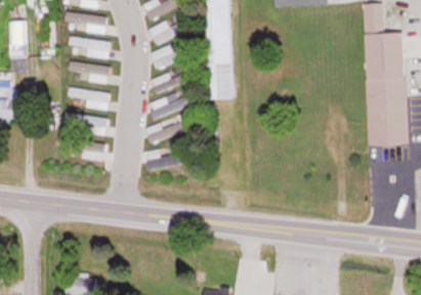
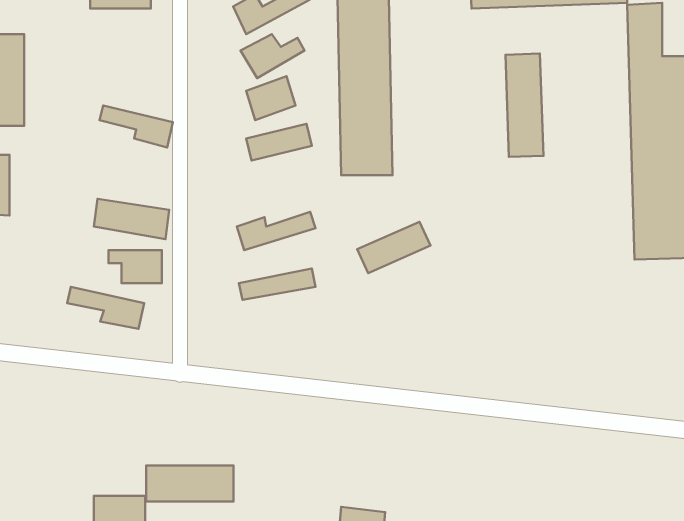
building: [66,12,107,34] -> none
building: none -> [505,54,543,157]
building: [69,37,110,58] -> none
building: [67,86,110,110] -> [67,287,144,329]
building: [149,90,190,119] -> [357,222,430,273]
building: none -> [146,465,233,501]

